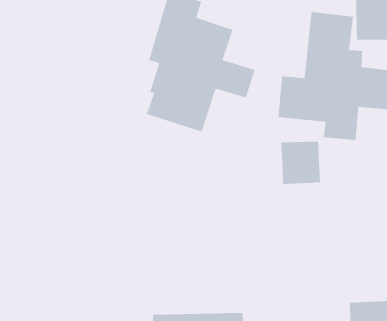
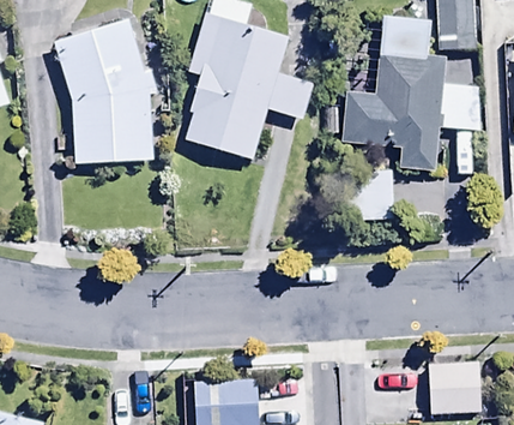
building: none -> [54,18,155,163]

